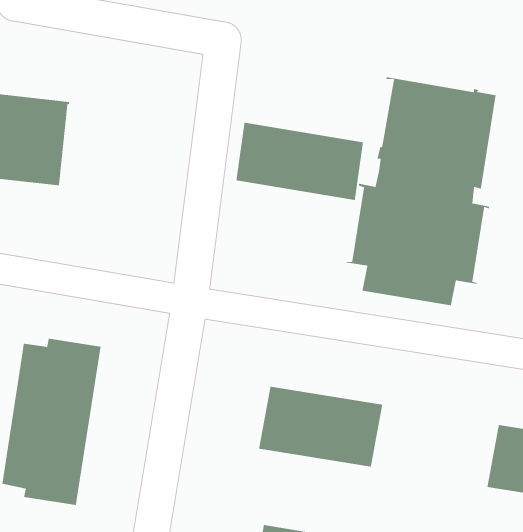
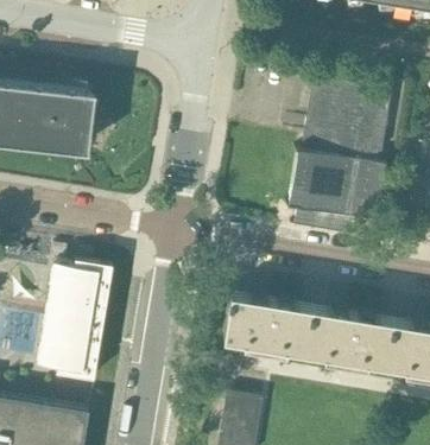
building: [236,122,364,201] -> none
building: none -> [303,312,393,371]

